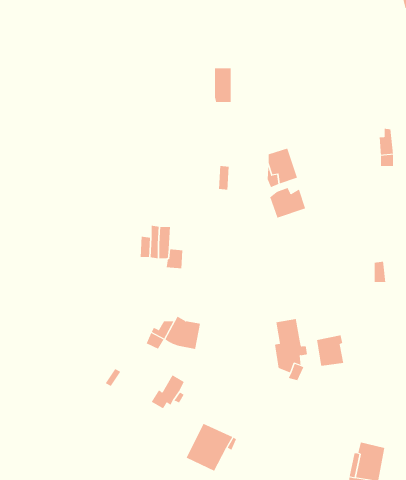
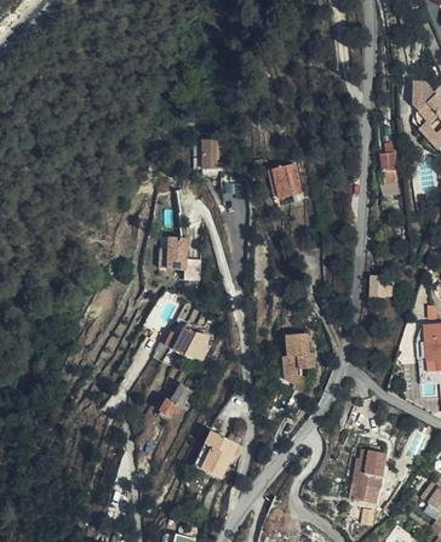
building: [214,68,232,103] -> [201,141,218,175]
building: [270,187,306,218] -> none
building: [316,334,344,367] -> none

